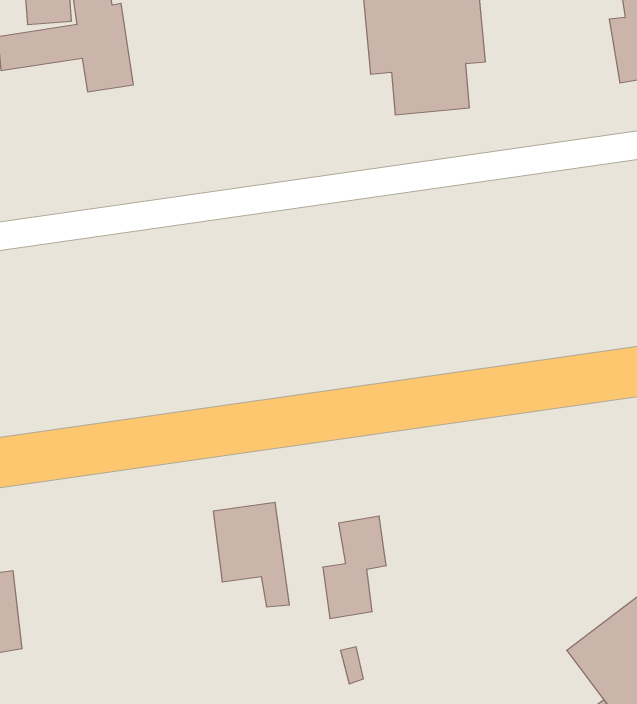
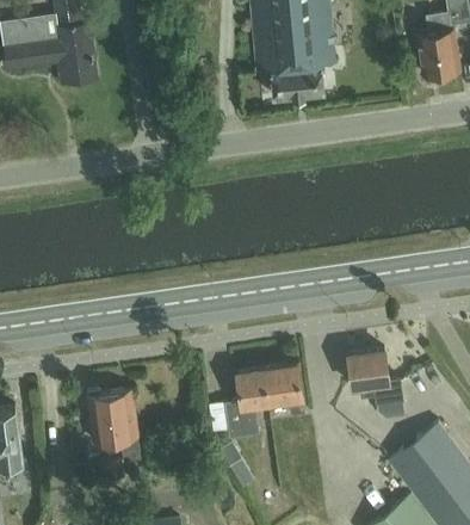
building: none -> [347,351,402,404]
building: [213,502,289,607] -> [88,390,140,461]
building: none -> [262,365,305,416]

